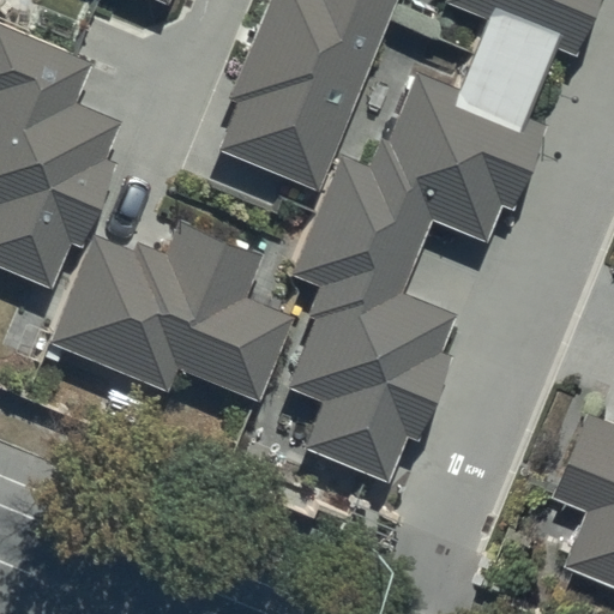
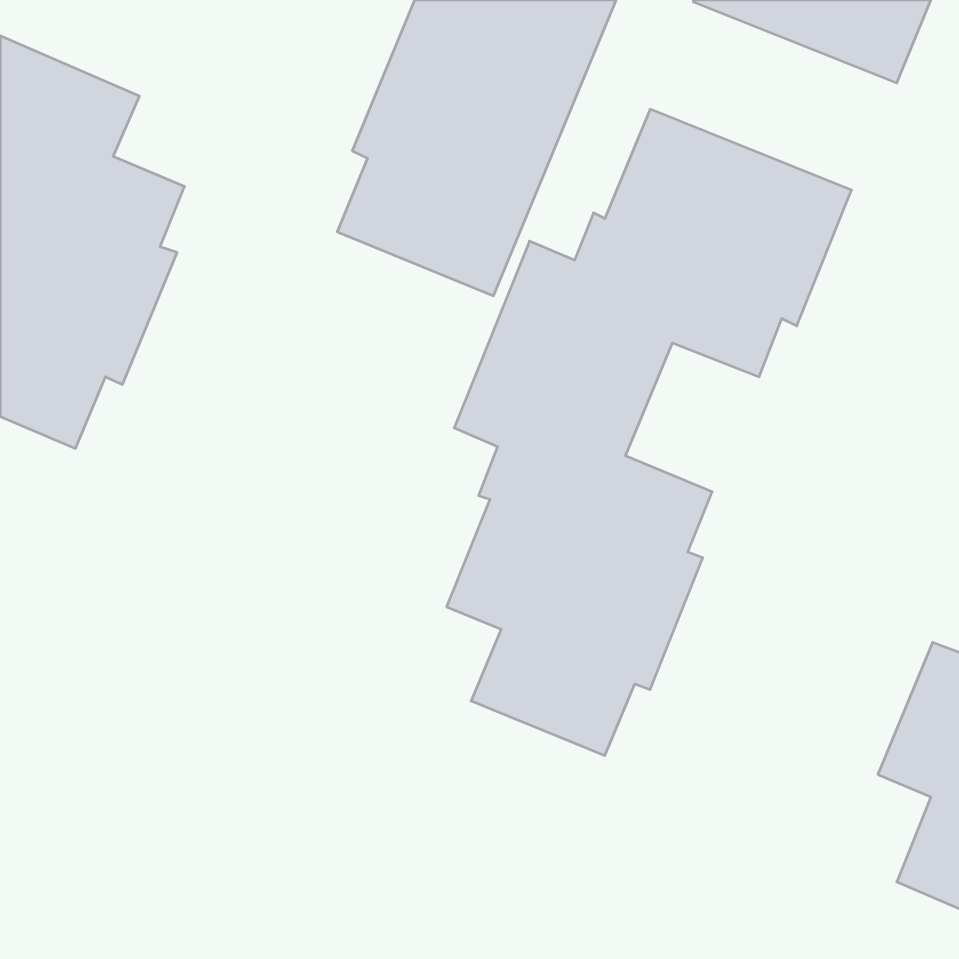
building: [49,221,291,402] -> none

